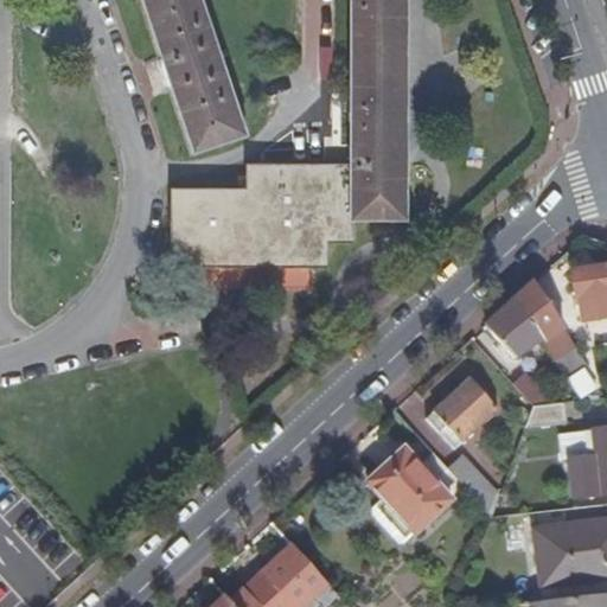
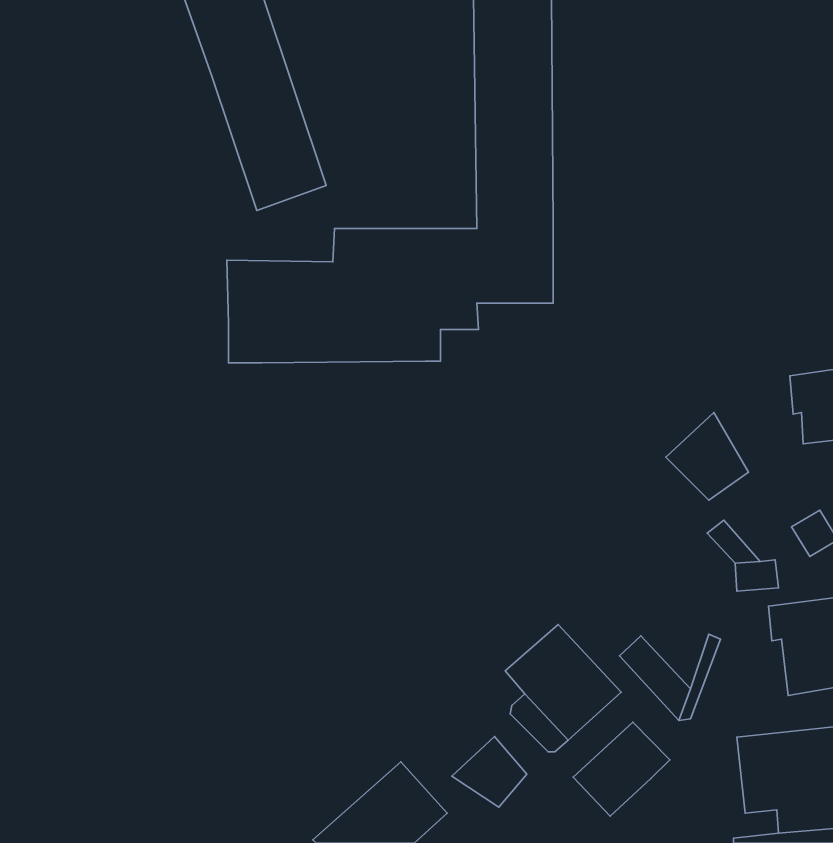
building: [520,280,589,377] -> none
building: [429,377,501,448] -> none
building: none -> [573,722,670,816]
building: none -> [452,736,527,807]

